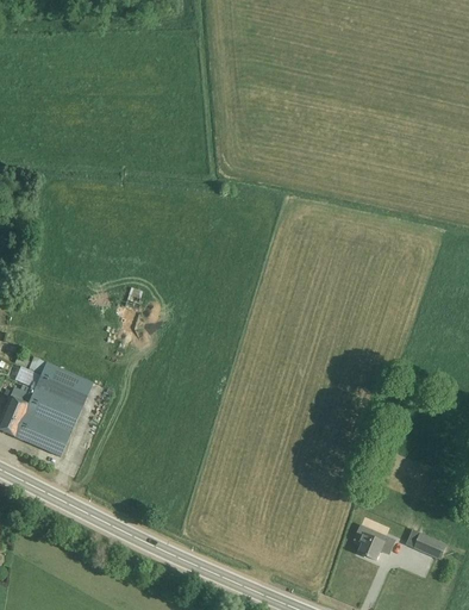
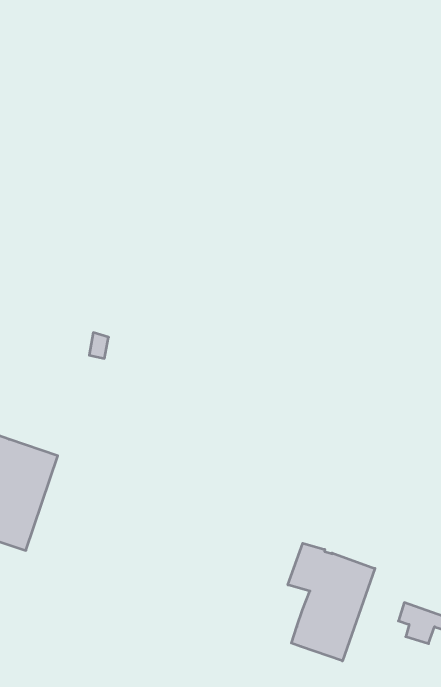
building: none -> [288,543,375,661]

